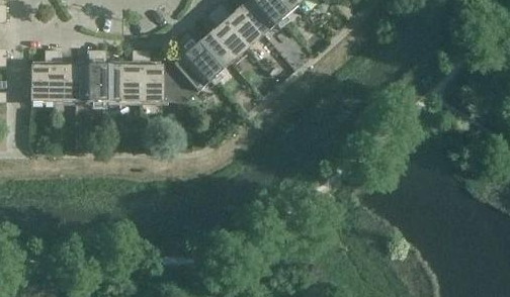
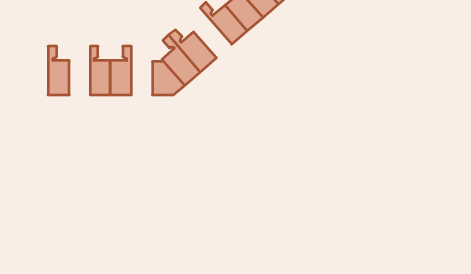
building: [206,10,247,63] -> none
building: [30,51,53,102] -> none
building: [75,51,97,102] -> none
building: [141,51,163,102] -> none

